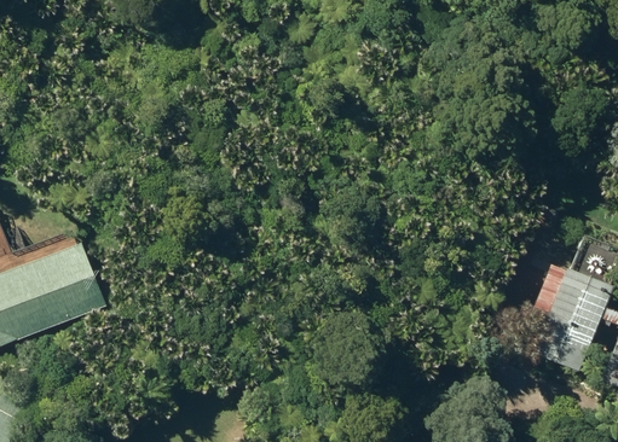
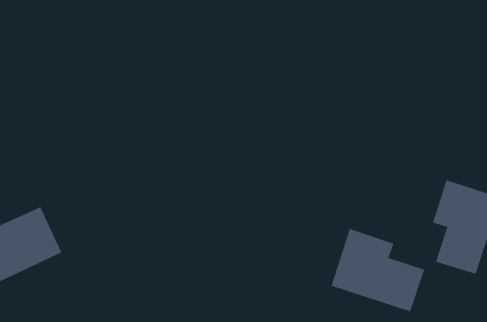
building: none -> [331,228,425,312]

